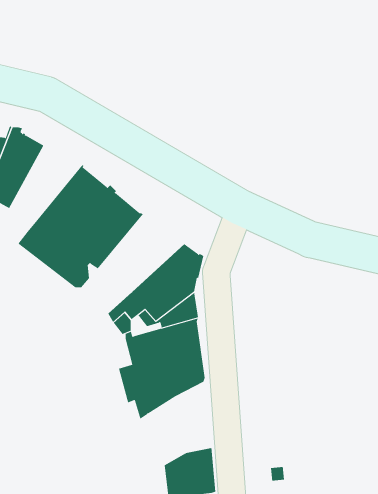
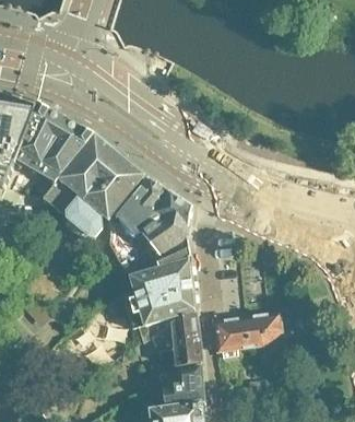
building: none -> [37,119,96,183]
building: none -> [110,178,179,256]
building: none -> [150,312,202,367]
building: none -> [214,313,282,353]

